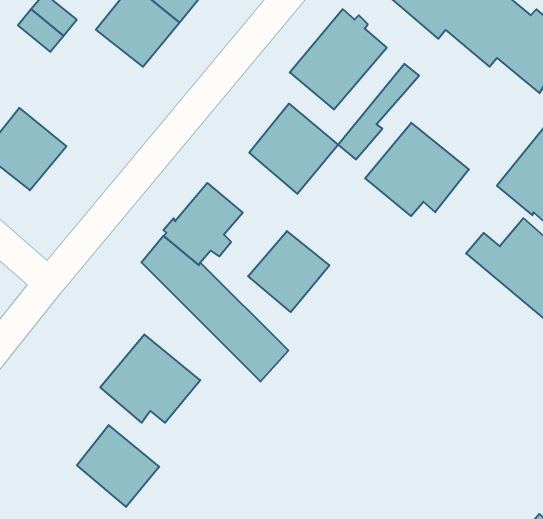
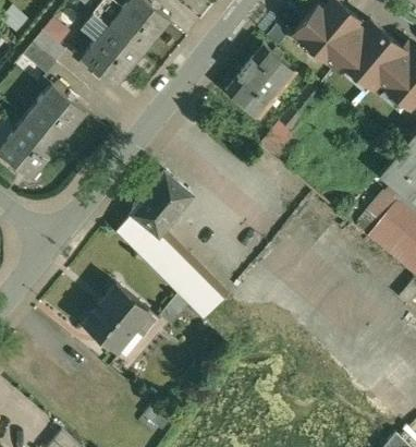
building: none -> [24,84,86,145]
building: [249,104,338,194] -> none
building: [365,123,469,216] -> none
building: [248,231,329,312] -> none
building: [77,425,159,507] -> none

